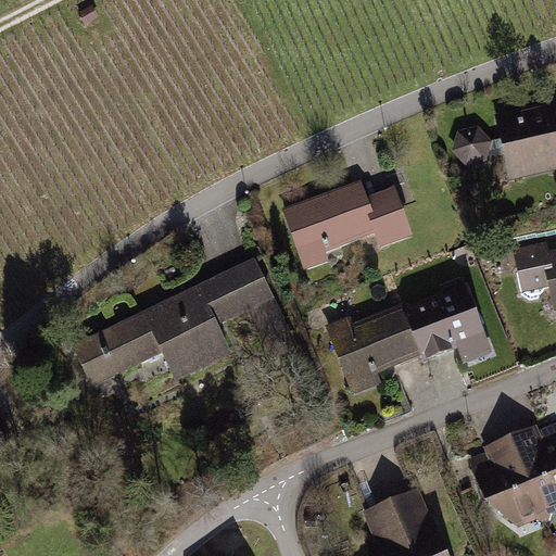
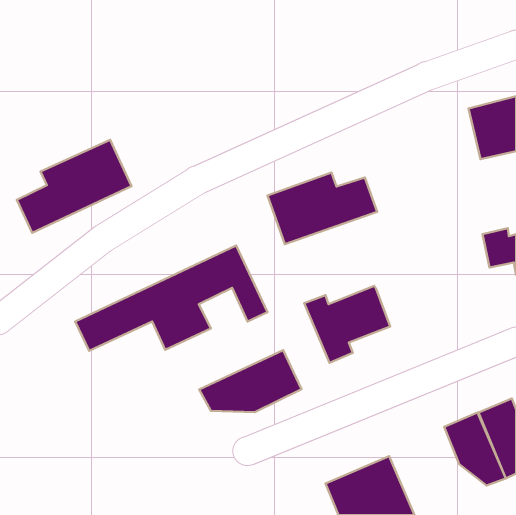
building: [451,119,498,166] -> none
building: none -> [17,140,132,233]
building: [403,287,488,356] -> none
building: none -> [199,350,302,412]

